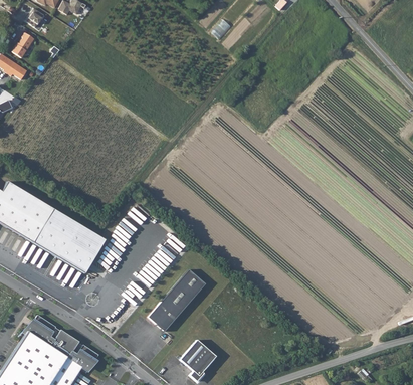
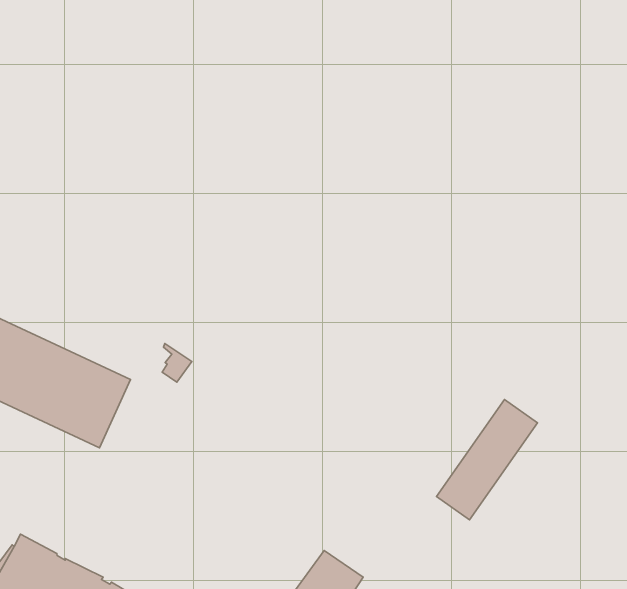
building: [149,268,206,330] -> [436,399,538,520]

